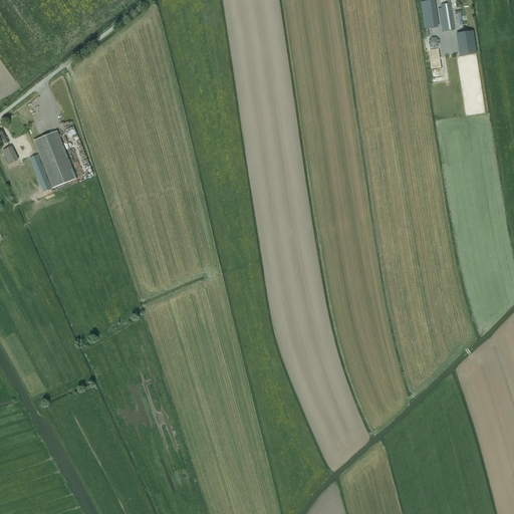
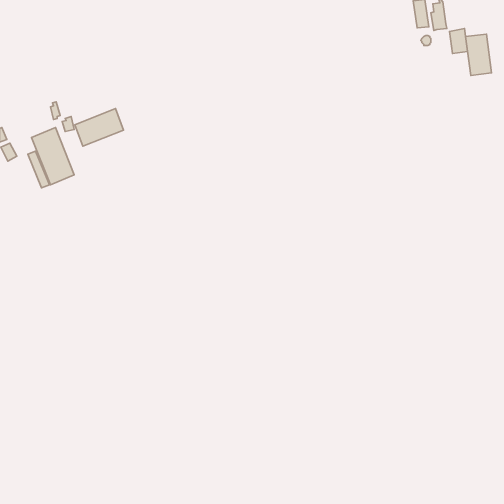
building: none -> [466,34,492,75]
building: none -> [75,109,124,146]

